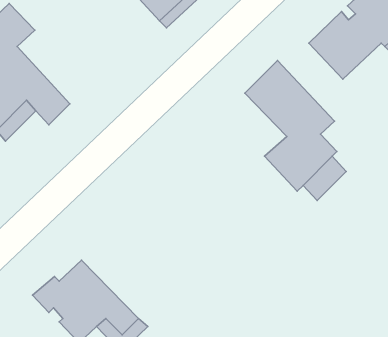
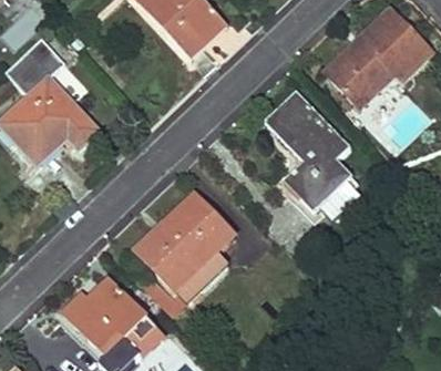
building: none -> [136,194,234,303]

